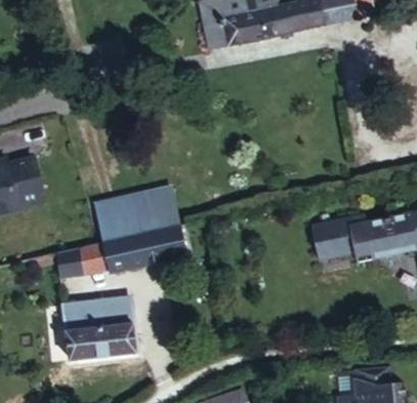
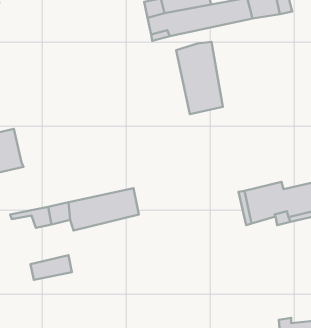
building: none -> [176,42,223,114]
building: [99,183,189,237] -> none
building: [67,315,139,359] -> none

